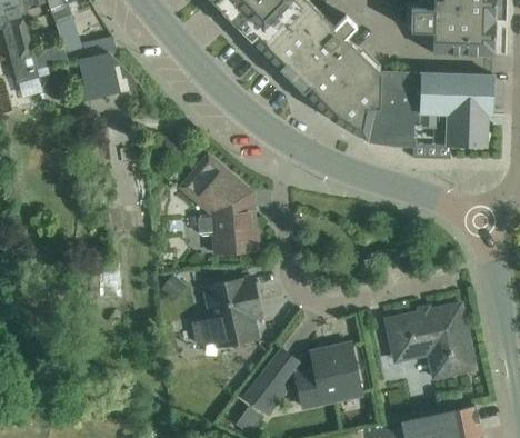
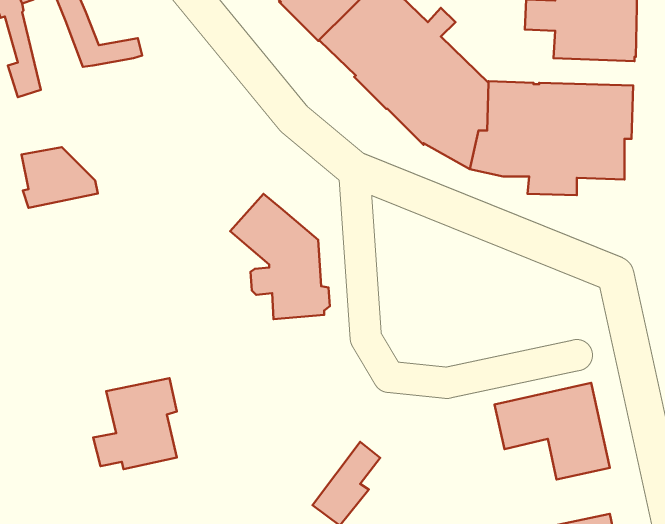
building: [77,53,136,100] -> [21,147,98,208]
building: [193,277,258,347] -> [93,378,177,469]
building: [294,344,361,407] -> none

